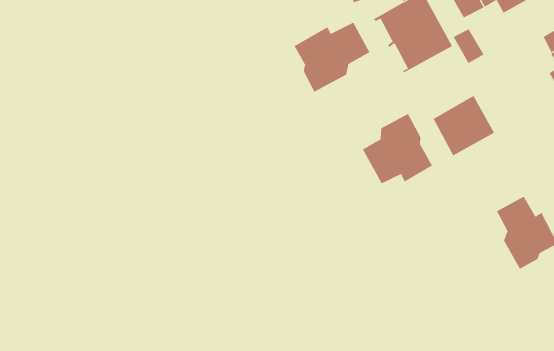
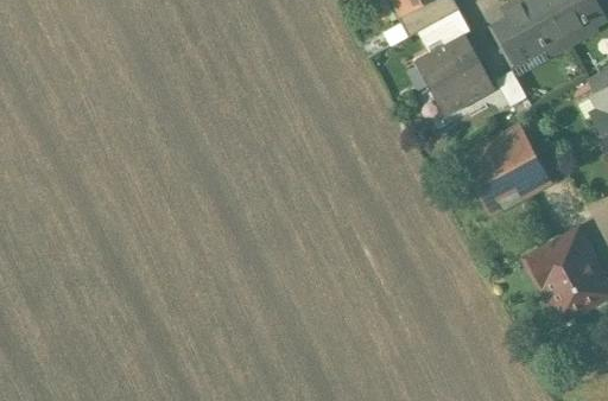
building: [294,22,370,92] -> none
building: [362,113,433,184] -> none

